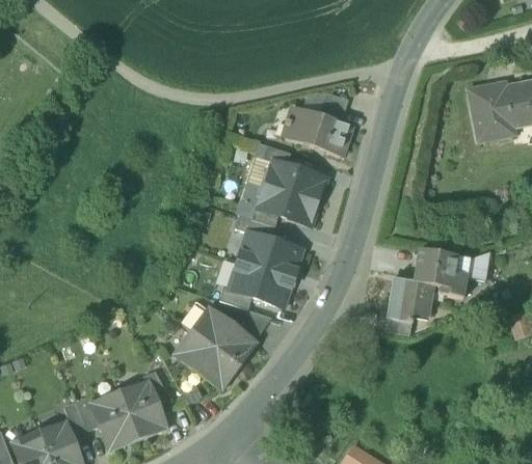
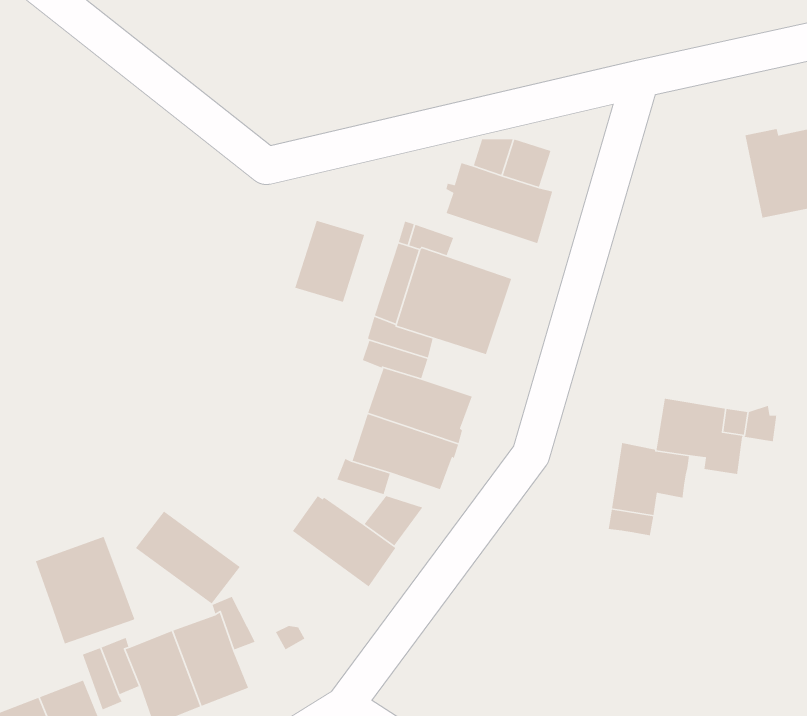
building: none -> [294,220,365,303]
building: [175,331,239,388] -> [135,511,241,604]
building: none -> [35,536,135,644]

